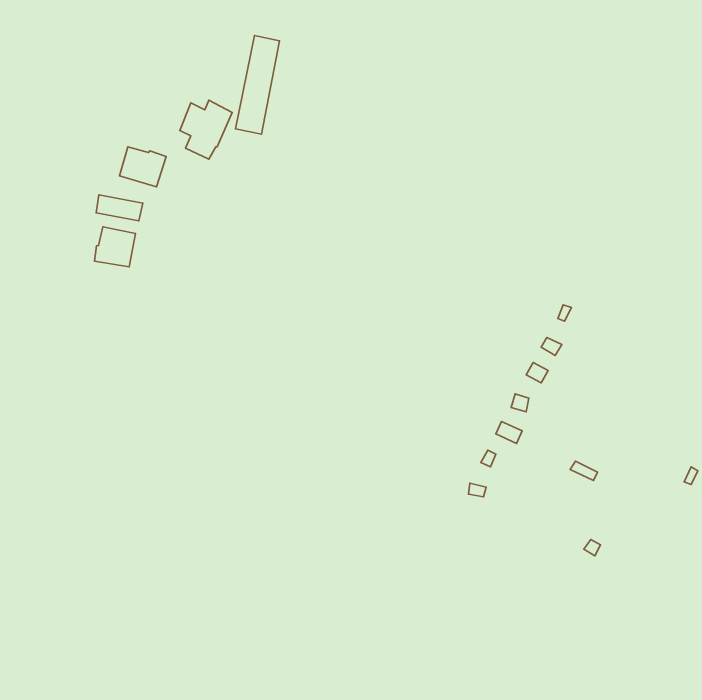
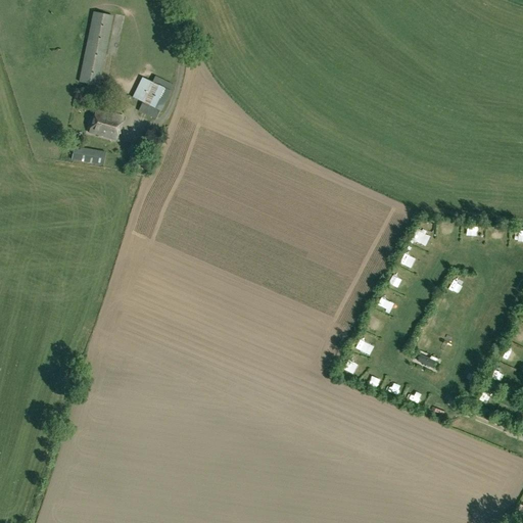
building: [235,35,279,134] -> [80,11,112,85]
building: [94,227,135,267] -> none

